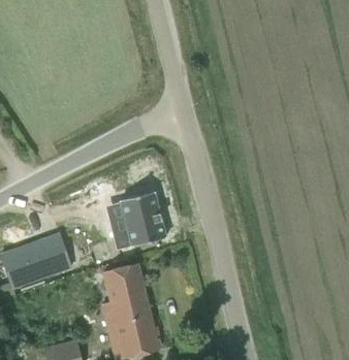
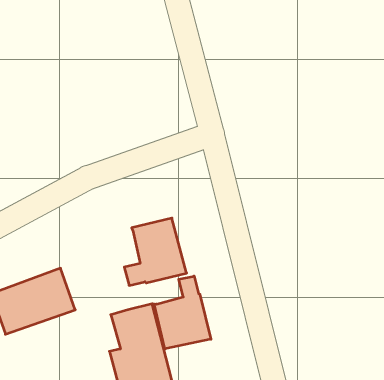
building: none -> [154,276,211,349]

